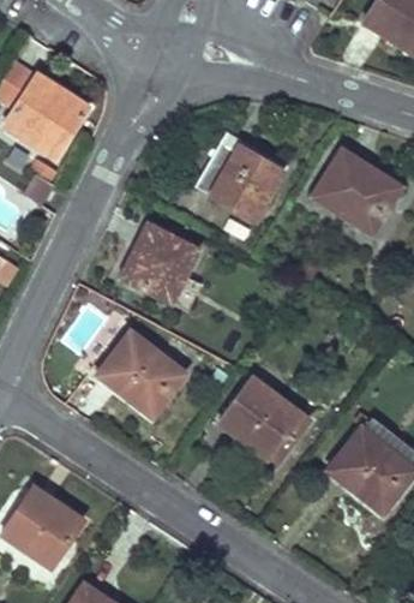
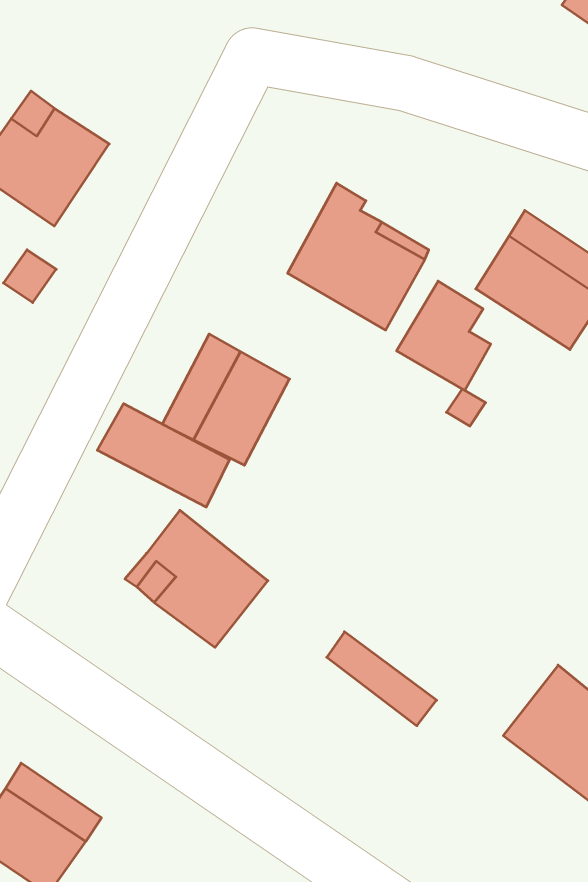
building: none -> [397,281,491,390]
building: none -> [97,404,229,507]
building: [232,377,310,447] -> none

